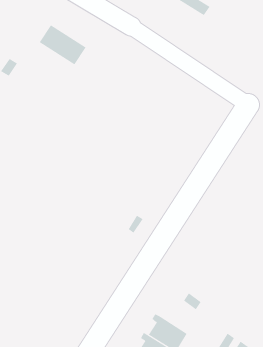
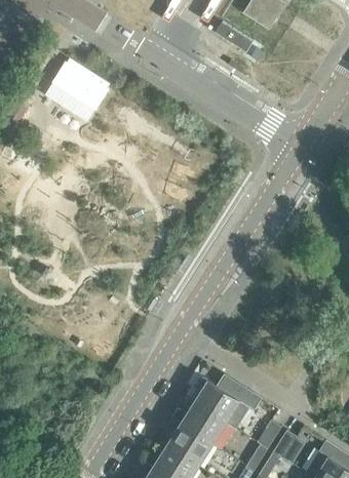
building: none -> [194,380,239,425]

